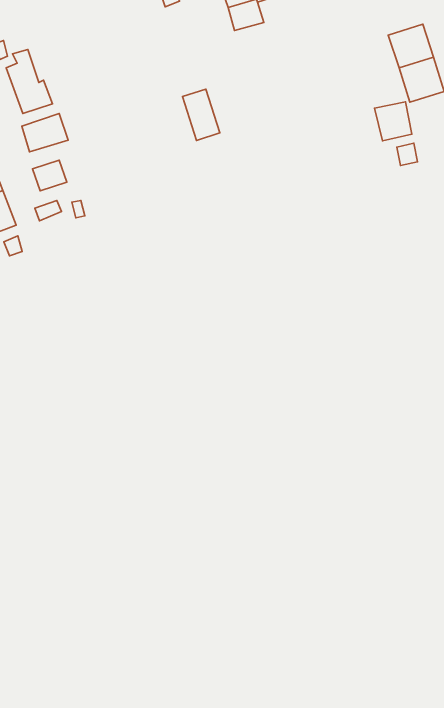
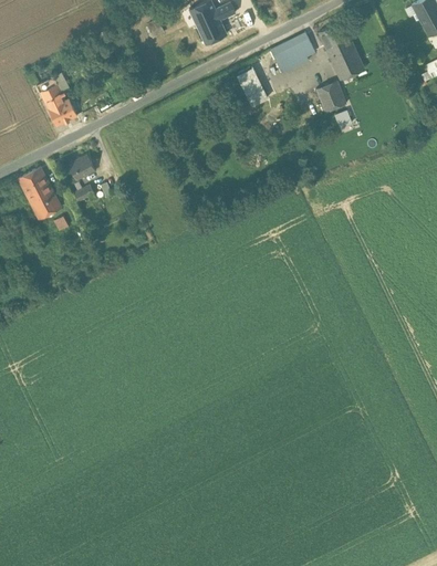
building: none -> [270,33,315,74]
building: [182,89,220,140] -> [236,67,267,106]
building: [22,113,68,152] -> none

